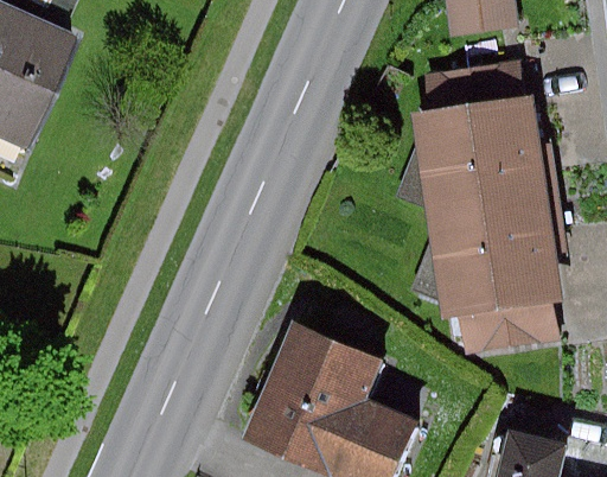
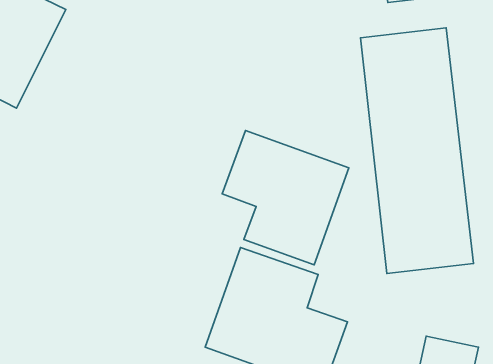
building: none -> [222,130,349,265]

